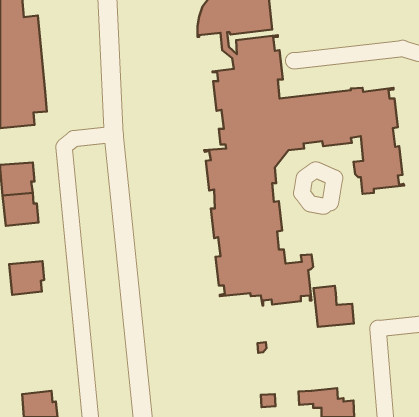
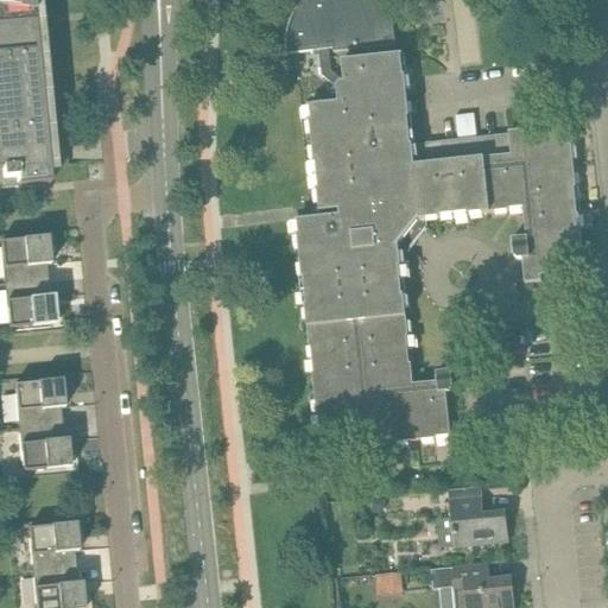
building: [314,286,354,327] -> [449,484,507,544]
building: none -> [18,422,70,469]
building: none -> [27,521,78,570]

